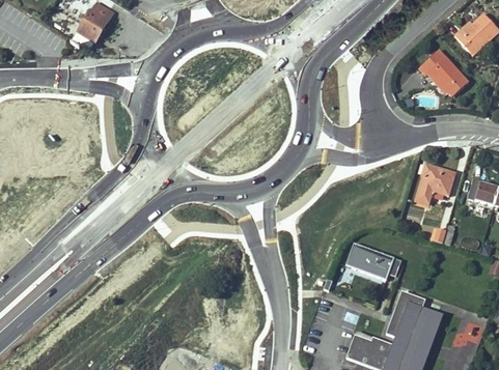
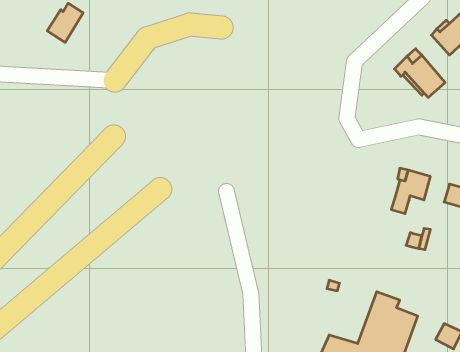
building: [344,245,398,284] -> none

